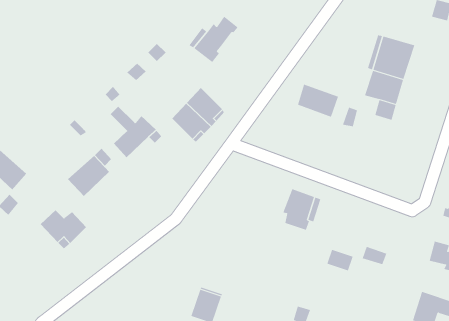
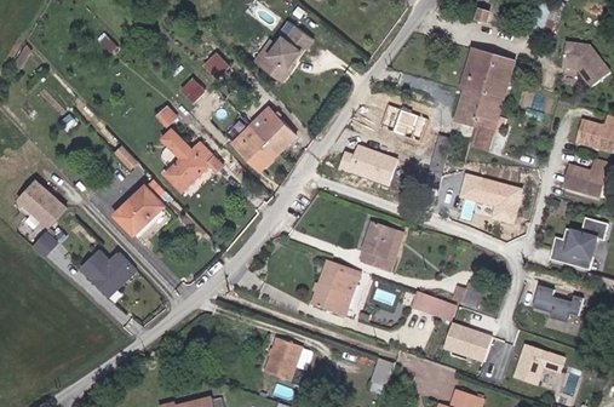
building: none -> [335,142,397,185]
building: none -> [455,172,522,224]
building: none -> [306,262,356,319]
building: none -> [441,322,492,362]

